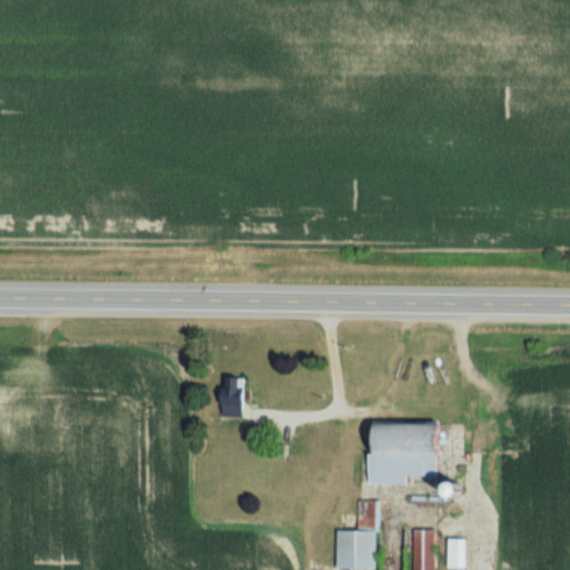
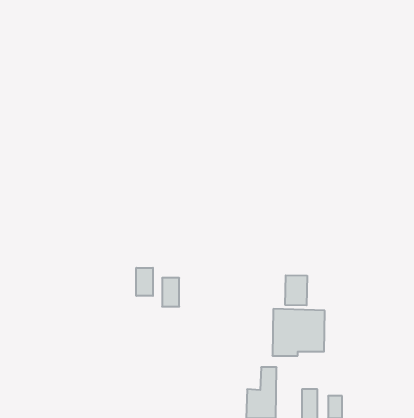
building: none -> [136,268,153,296]
building: none -> [285,275,307,305]

